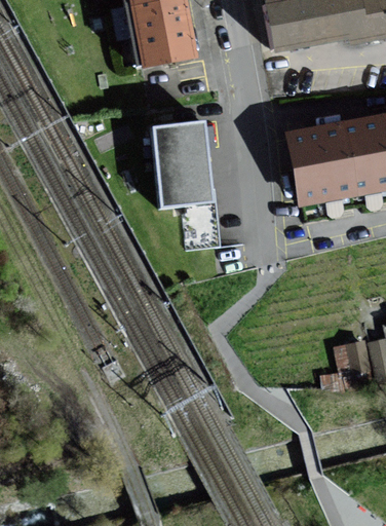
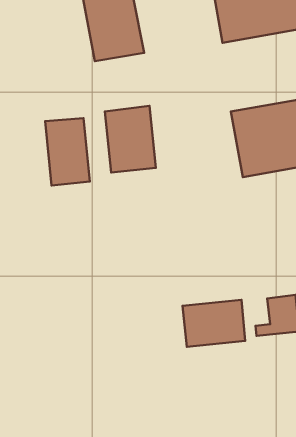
building: none -> [45,118,90,185]
building: none -> [182,300,245,347]

